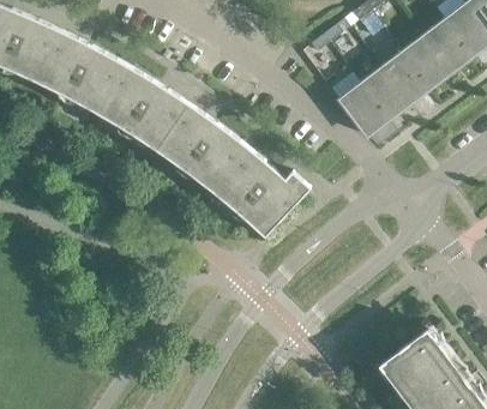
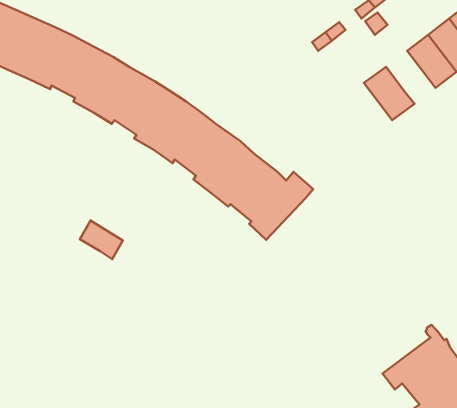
building: [381,53,429,104] -> none
building: [338,84,387,137] -> none
building: none -> [80,221,123,259]

